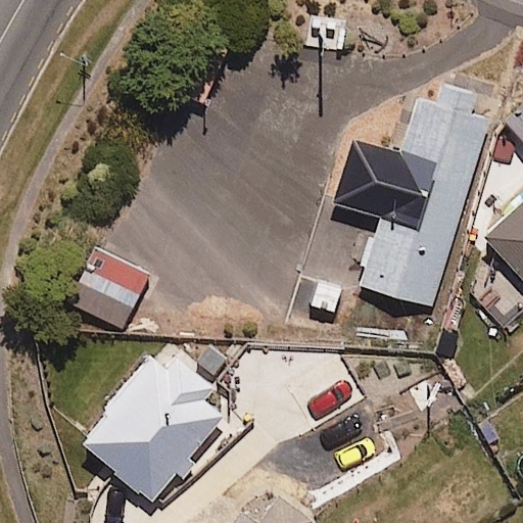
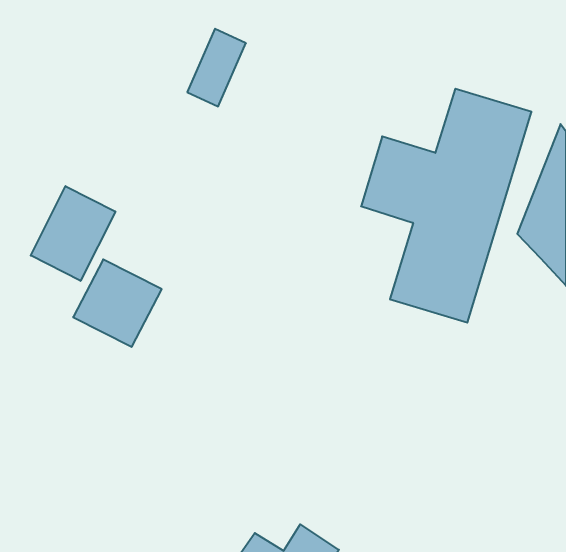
building: none -> [31,186,115,281]
building: [82,344,225,503] -> none

